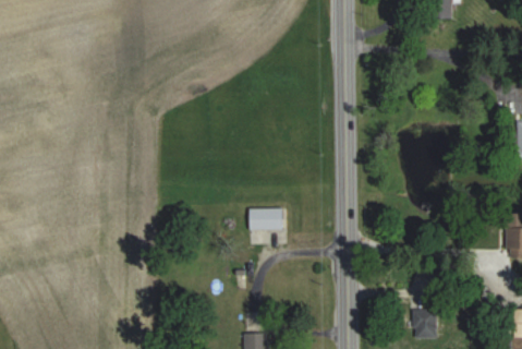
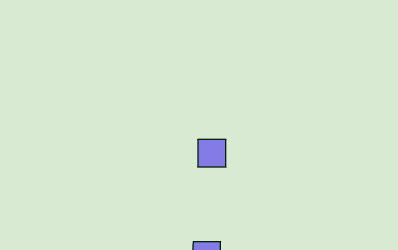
building: [413,309,437,338] -> none

